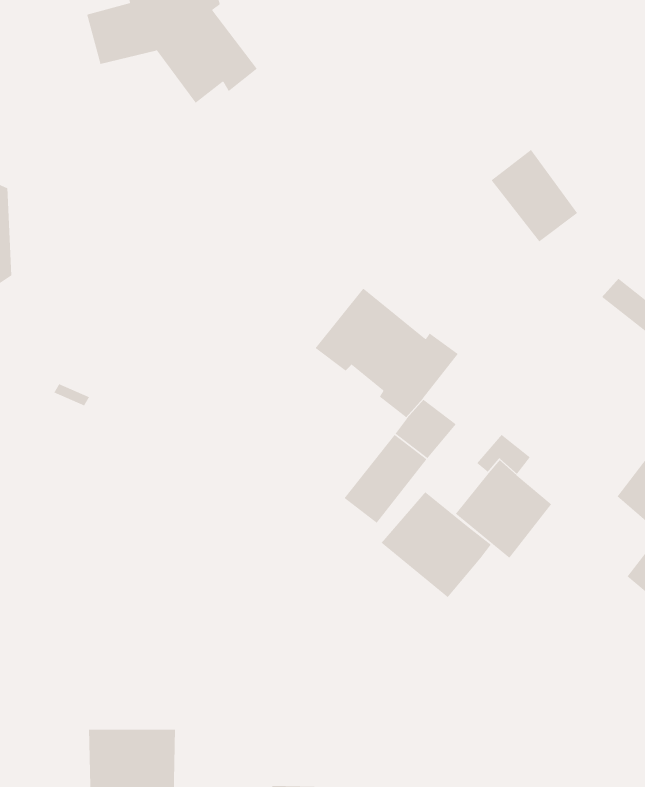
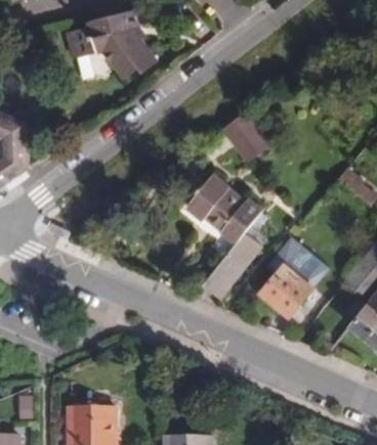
building: [490,149,578,243] -> [222,112,268,161]
building: [381,491,492,598] -> none

